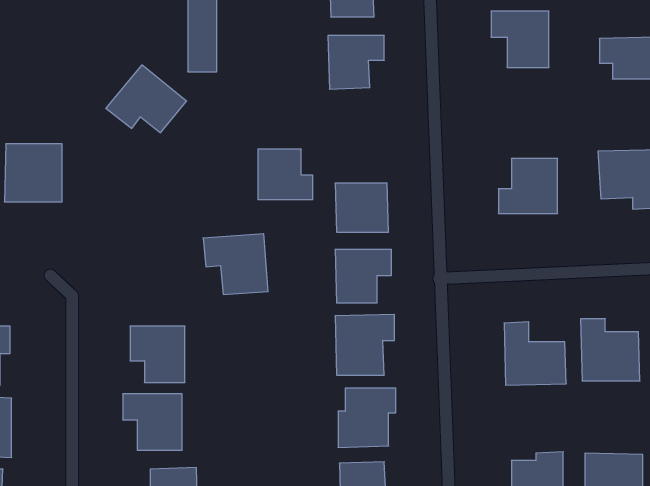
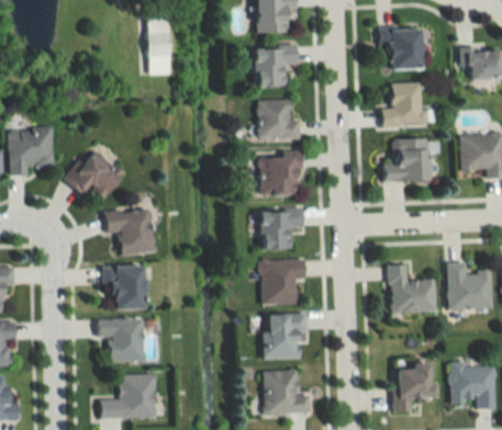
building: [106,65,187,133] -> [64,146,125,197]
building: none -> [383,82,425,126]
building: [258,149,313,200] -> [258,100,300,138]
building: [203,234,268,294] -> [105,208,155,254]

